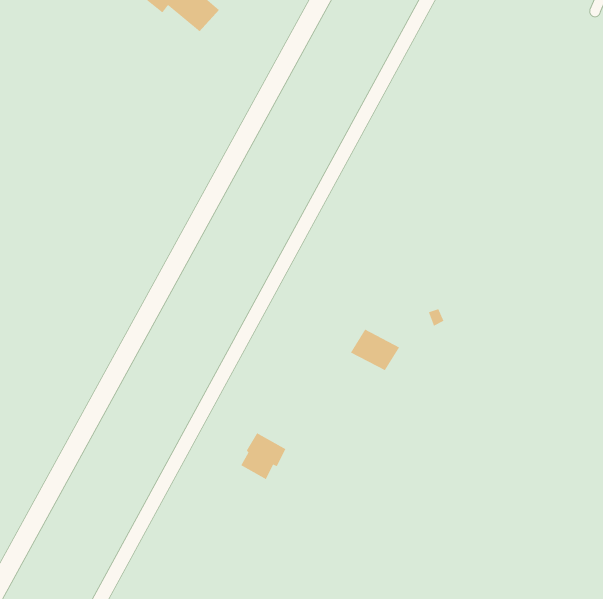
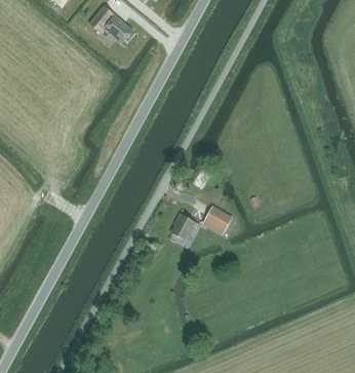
building: [240,432,287,480] -> [172,214,198,240]

